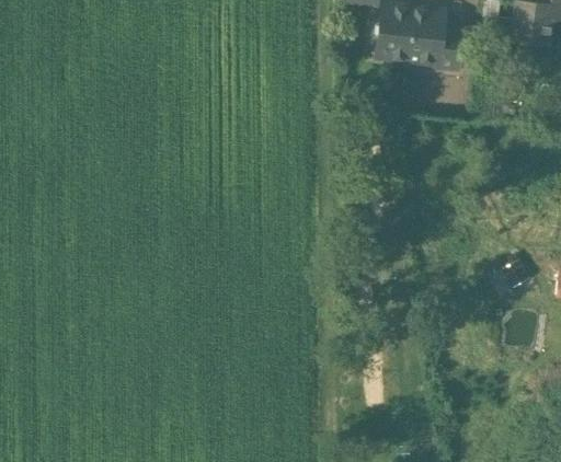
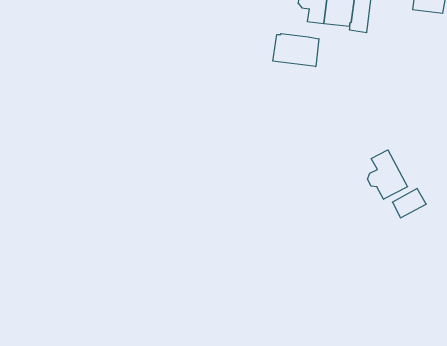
building: none -> [273,34,319,67]
building: none -> [368,150,408,199]

